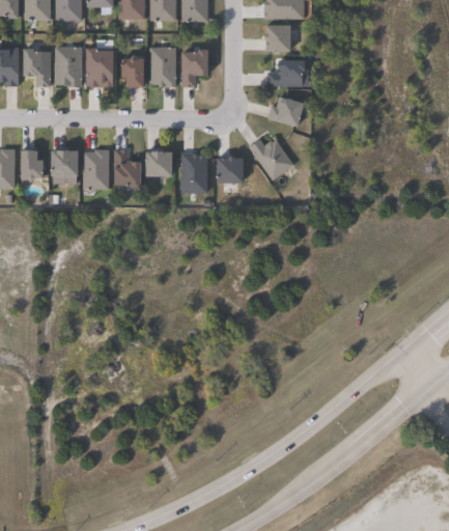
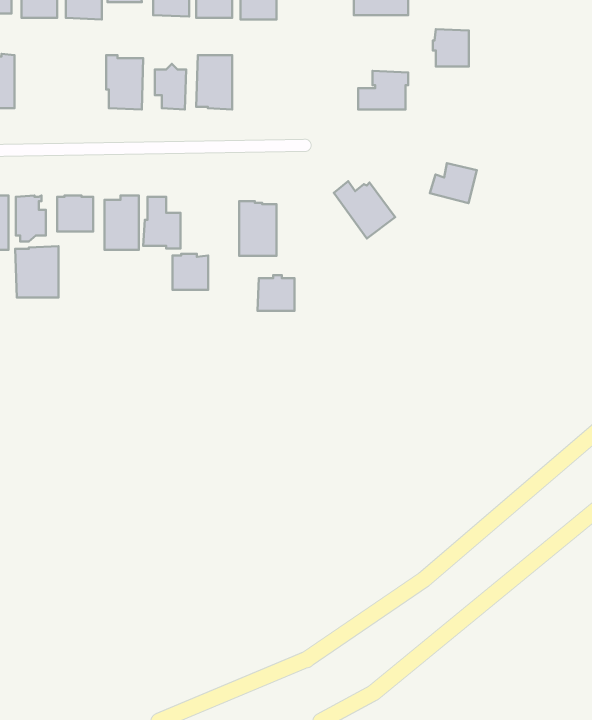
building: [263,24,289,51] -> [433,29,469,66]
building: [55,47,82,87] -> none
building: [23,49,51,87] -> none
building: [180,49,206,87] -> none
building: [269,97,303,127] -> [430,163,477,203]
building: [144,150,170,176] -> [172,254,208,290]
building: [216,157,243,183] -> [257,275,295,311]
building: none -> [15,246,58,297]

